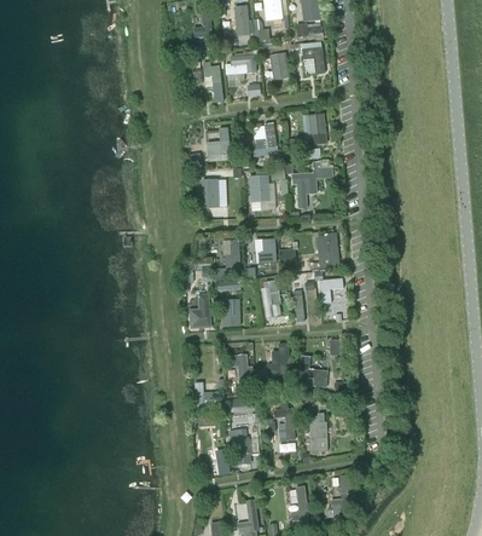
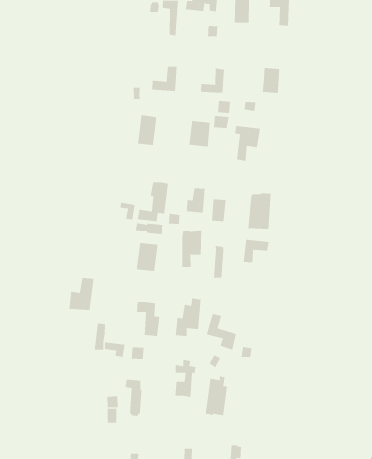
building: [188,294,210,328] -> [68,277,95,311]

